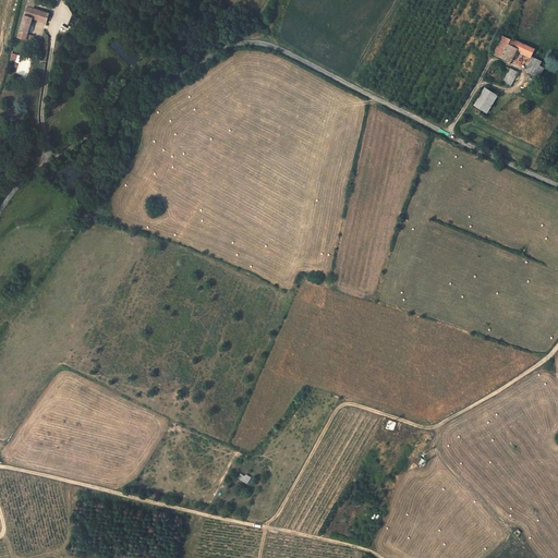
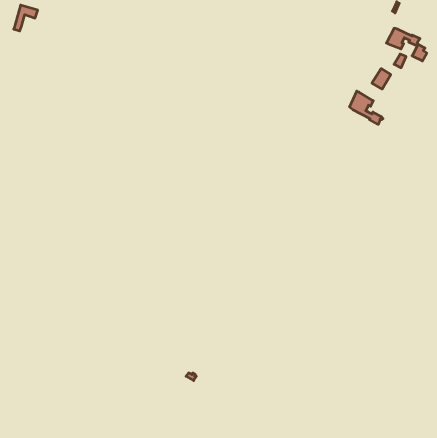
building: none -> [350,91,383,124]

